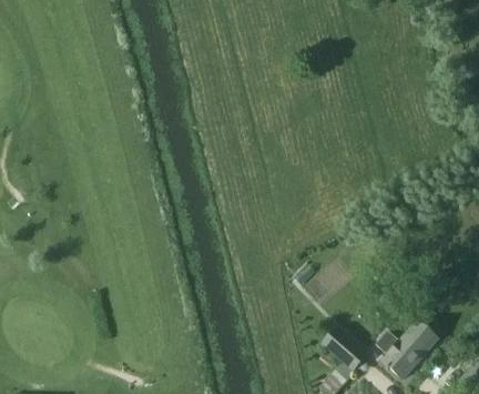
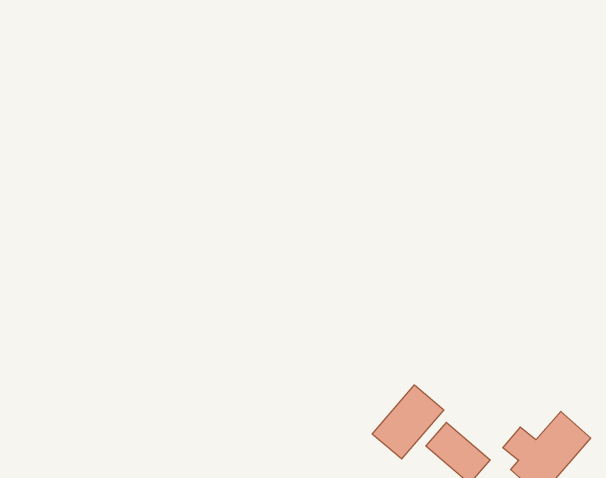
building: none -> [372,385,444,459]

